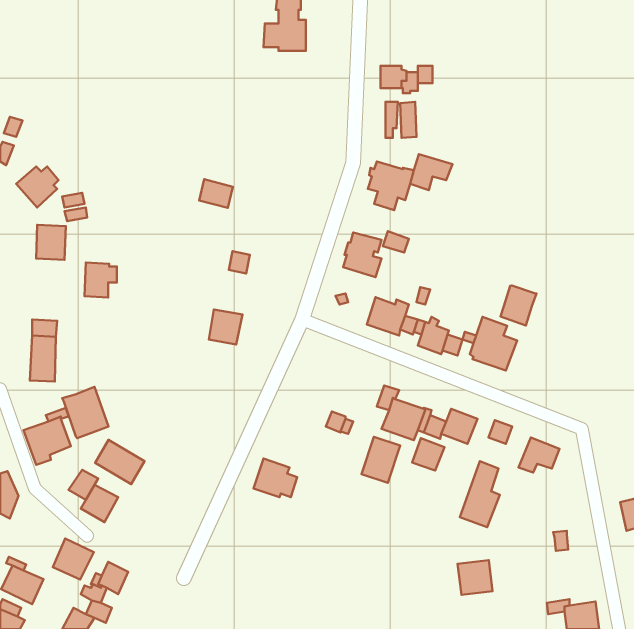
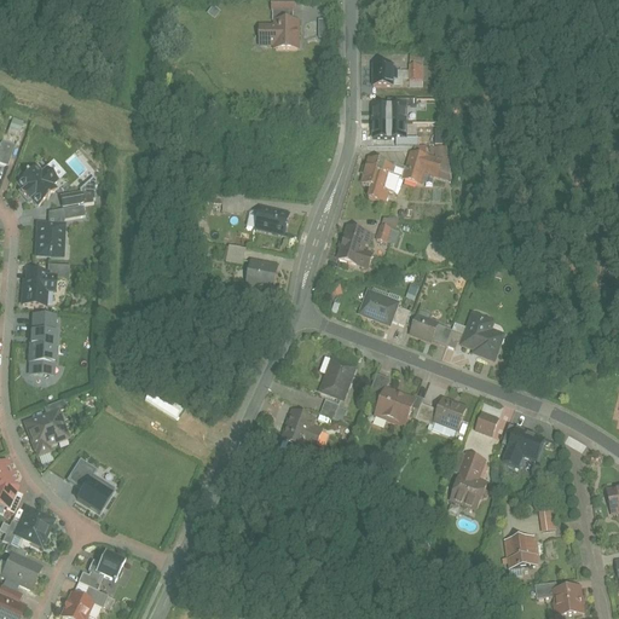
building: [199,179,233,208] -> [254,207,287,235]
building: [84,263,117,297] -> [24,266,56,300]
building: [500,285,537,326] -> none
building: [209,310,242,344] -> [244,258,277,291]
building: [62,387,108,438] -> none
building: [362,437,400,483] -> [318,358,355,403]
building: [412,438,444,471] -> none
building: [95,440,145,484] -> none
building: [254,459,297,497] -> [278,411,320,449]
building: [53,539,94,580] -> [16,503,56,543]
building: [458,560,492,595] -> [503,536,537,569]

